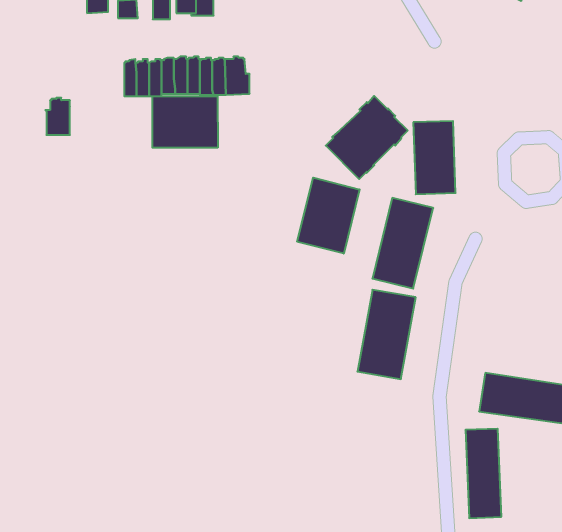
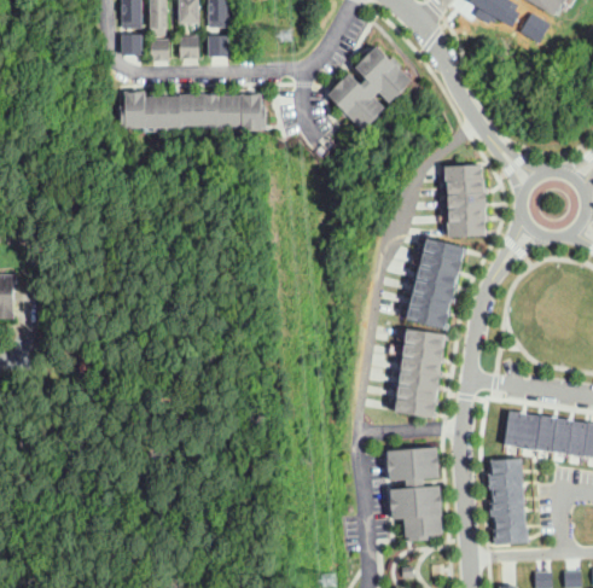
building: [326,96,408,179] -> [338,50,418,130]
building: [152,96,218,148] -> none
building: [45,98,70,135] -> [133,95,157,132]
building: [297,178,360,254] -> none
building: none -> [394,450,448,542]

